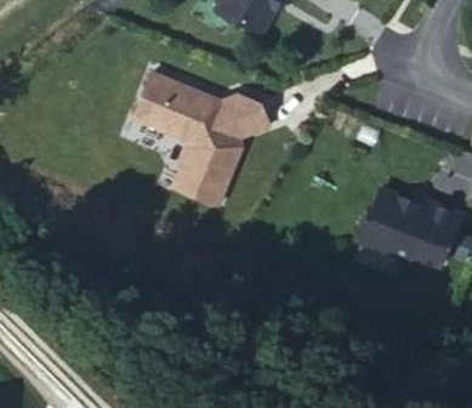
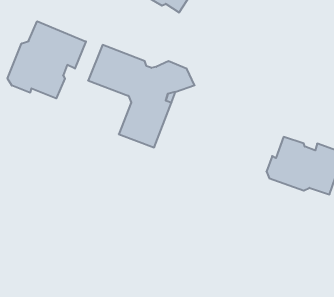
building: none -> [8,21,86,98]

